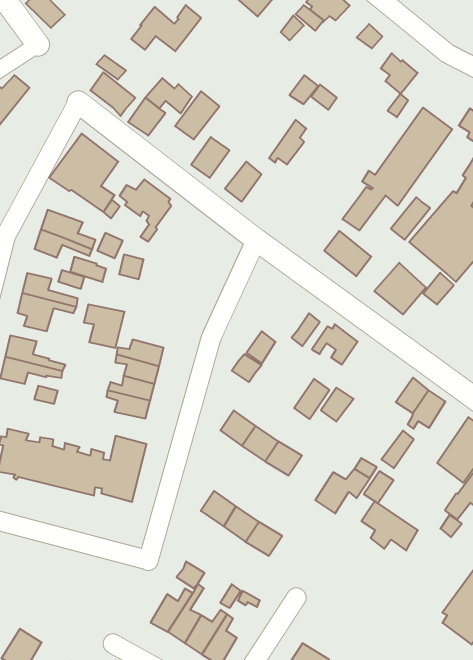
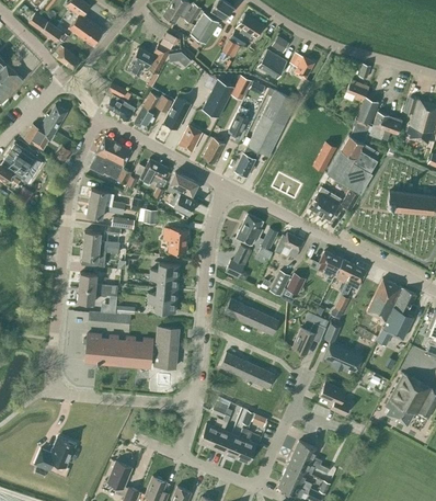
building: none -> [257,49,287,78]
building: none -> [203,79,233,117]
building: [342,108,452,230] -> [234,90,296,175]
building: none -> [167,172,198,215]
building: none -> [236,214,263,246]
building: [84,304,125,348] -> [163,228,188,253]
building: none -> [318,251,343,283]
building: none -> [319,382,351,414]

